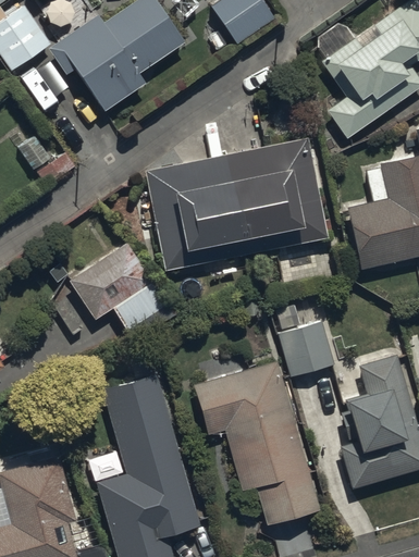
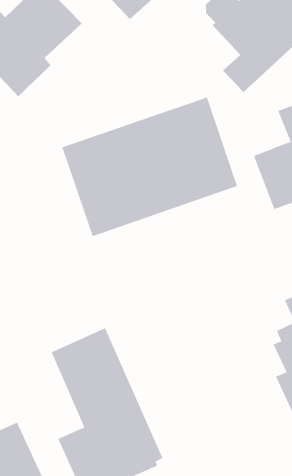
building: [70,244,171,339] -> none
building: [275,301,335,379] -> none
building: [194,363,319,525] -> none

